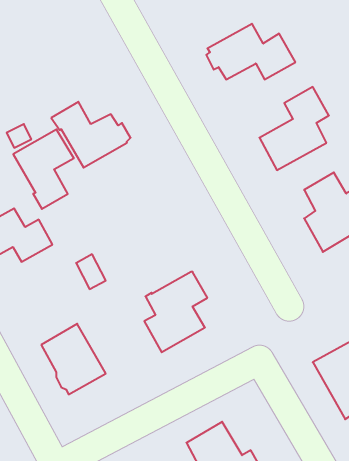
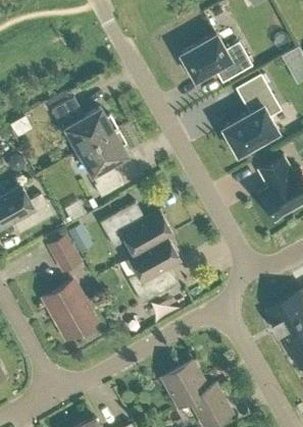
building: [13,129,74,209] -> [78,131,128,197]
building: none -> [99,203,172,256]
building: none -> [48,235,81,271]

